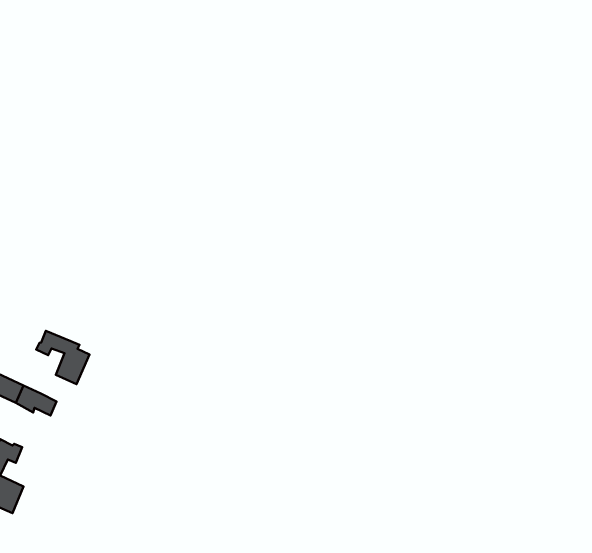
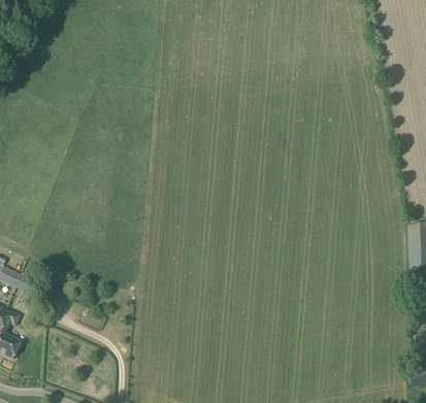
building: [36,331,90,384] -> none

